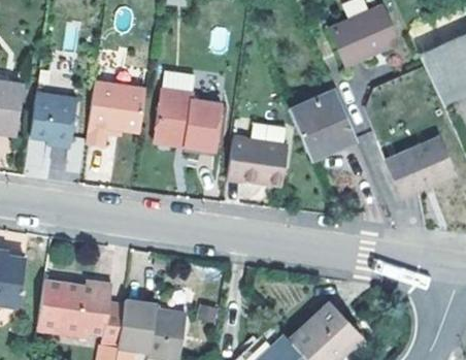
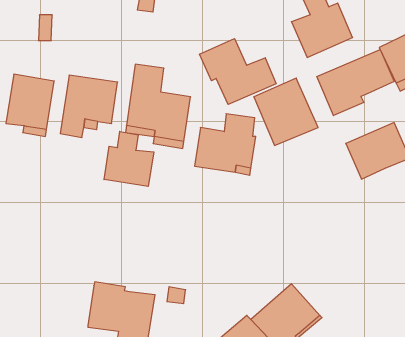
building: none -> [200,39,276,104]
building: none -> [317,50,394,116]
building: none -> [104,131,154,186]
building: [35,280,122,346] -> none

